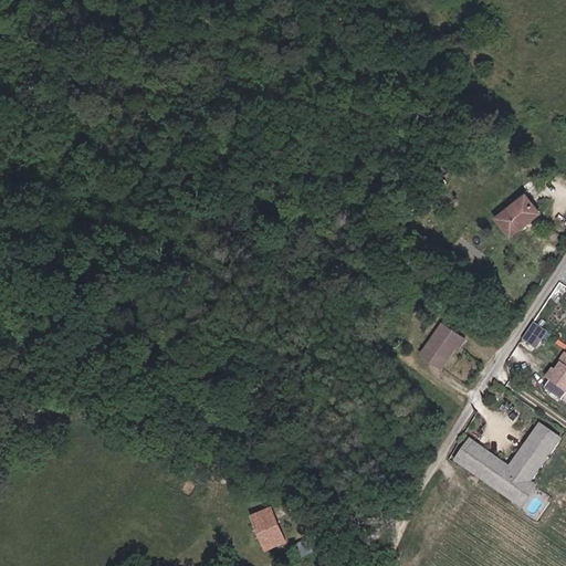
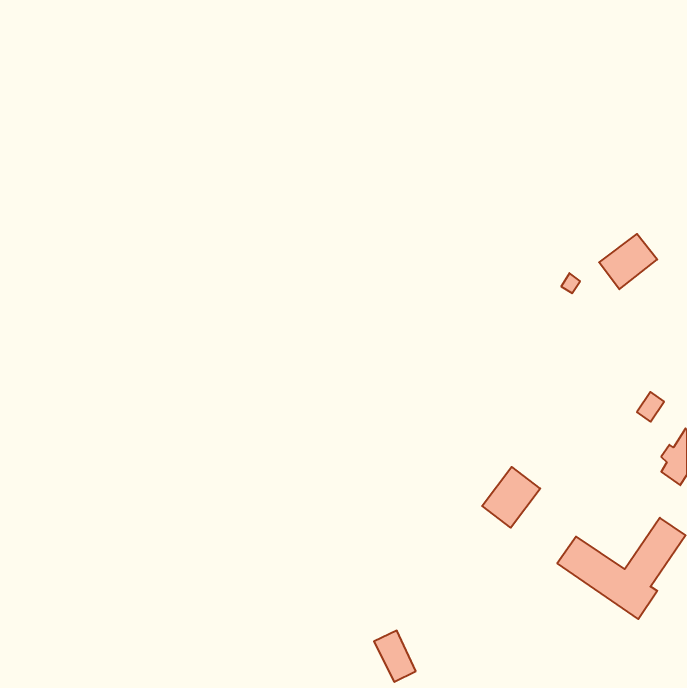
building: [415,321,462,370] -> [482,467,540,528]
building: [252,504,286,546] -> [374,631,416,682]

